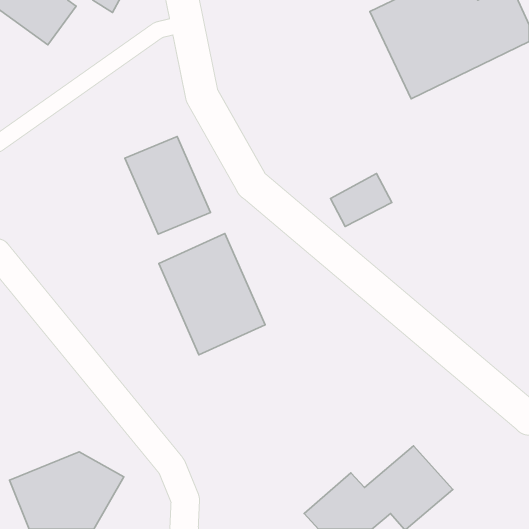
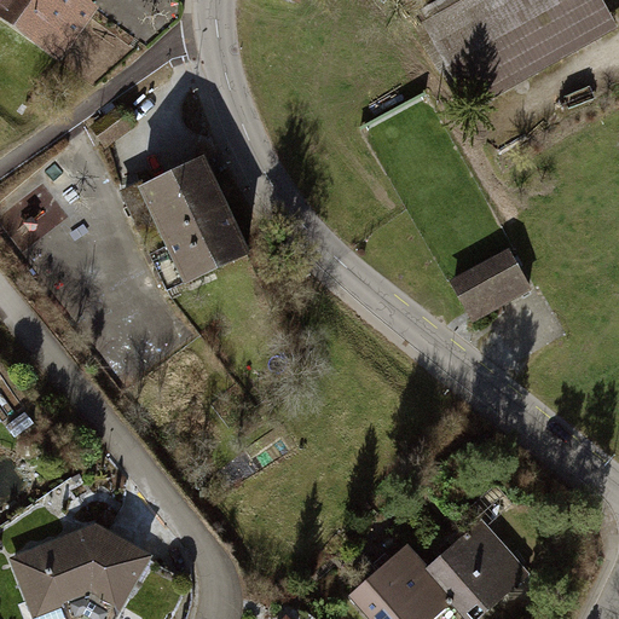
building: [331,173,392,227] -> [453,247,525,308]
building: [159,233,265,355] -> none

